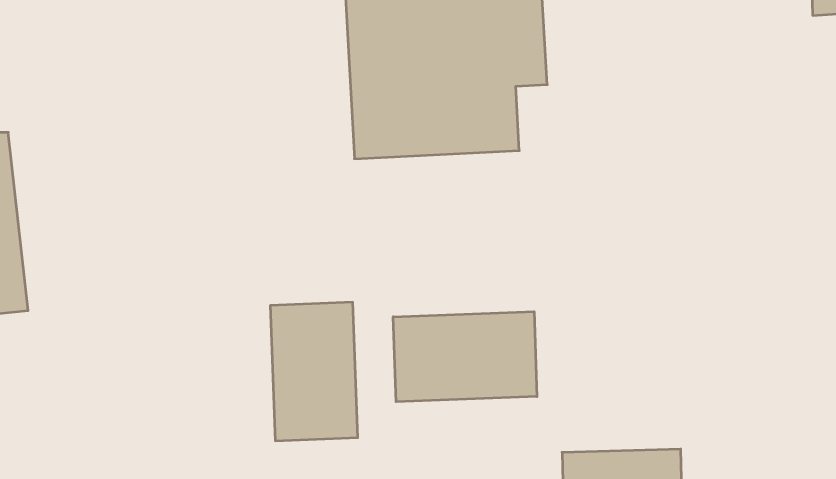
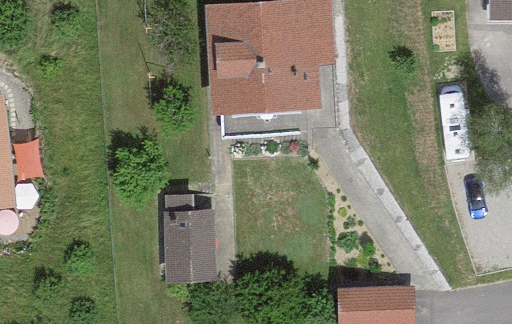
building: [393,312,537,402] -> none

